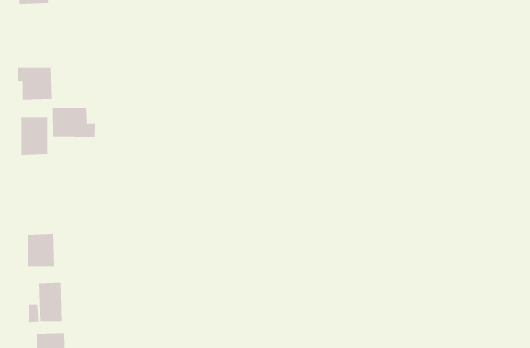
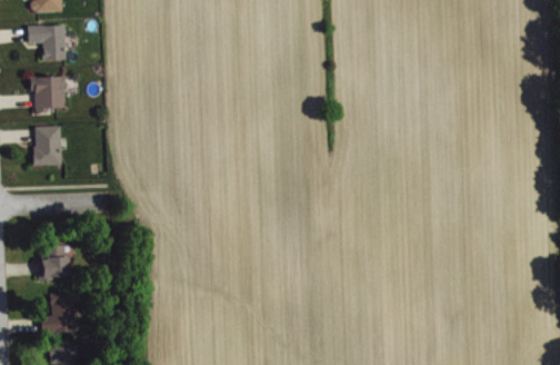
building: none -> [28,24,66,60]
building: [52,107,95,138] -> none

